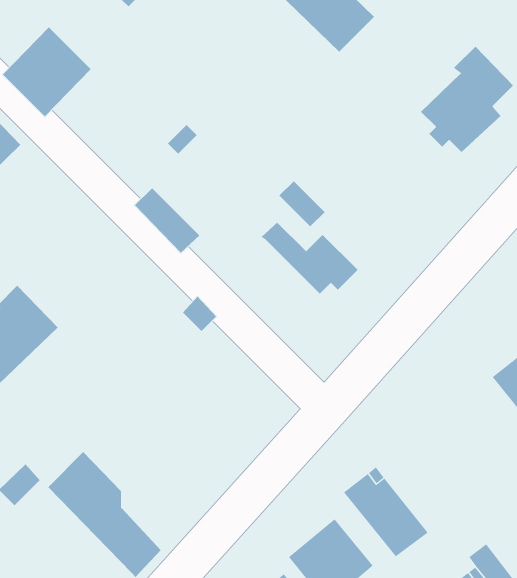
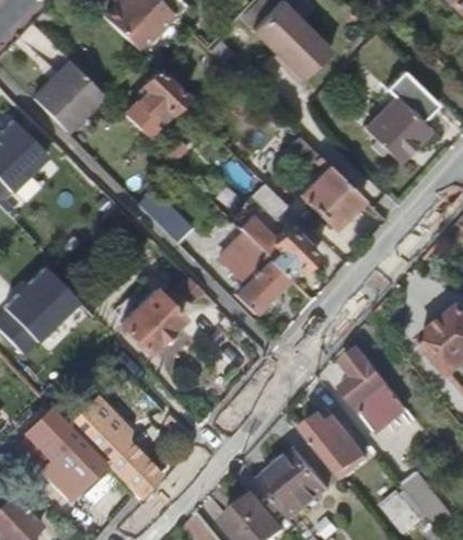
building: none -> [125,69,186,133]
building: none -> [296,137,362,226]
building: none -> [221,230,289,308]
building: none -> [111,279,184,352]
building: none -> [344,350,407,432]
building: none -> [44,442,101,493]

